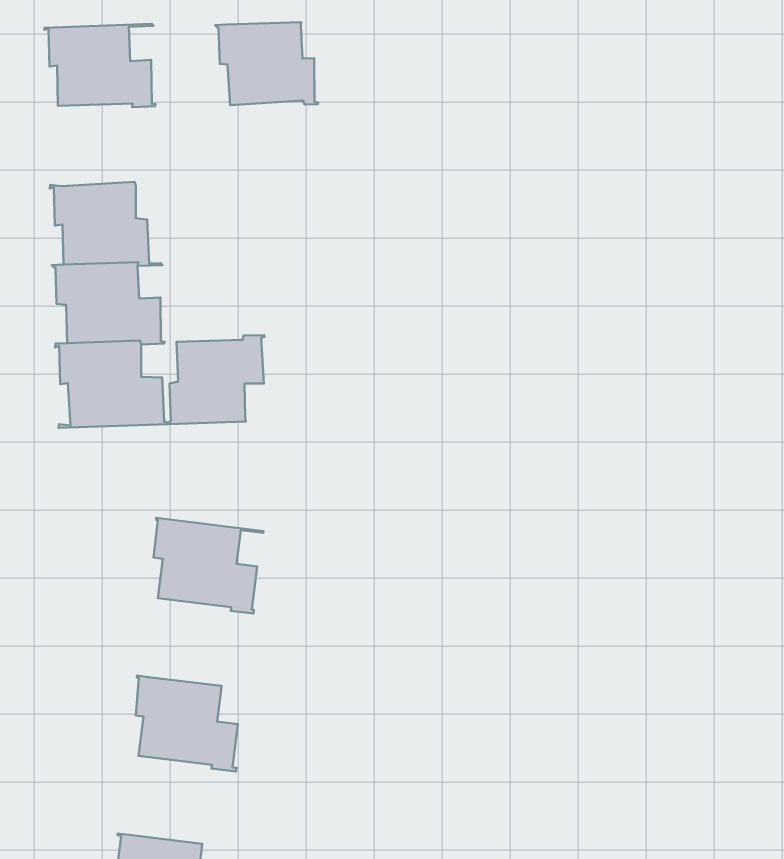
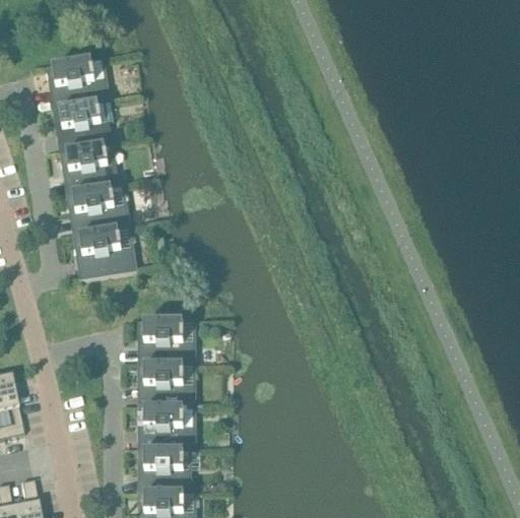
building: [215,22,318,105] -> [52,98,112,146]
building: [168,335,265,424] -> none
building: none -> [137,360,195,404]
building: none -> [137,445,196,490]

